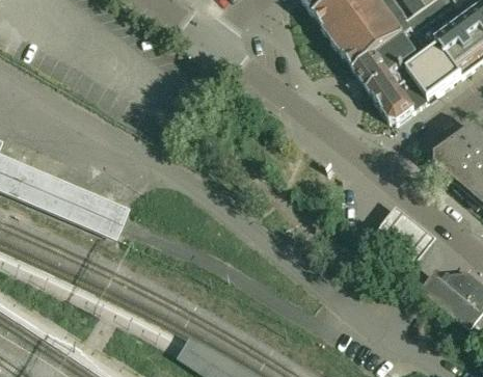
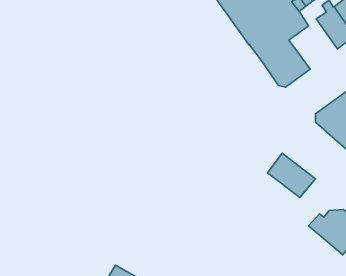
building: [405,37,460,99] -> none

